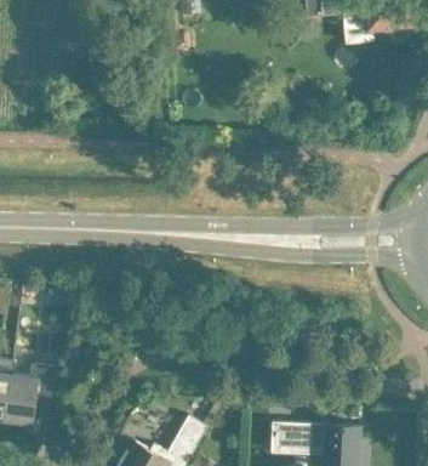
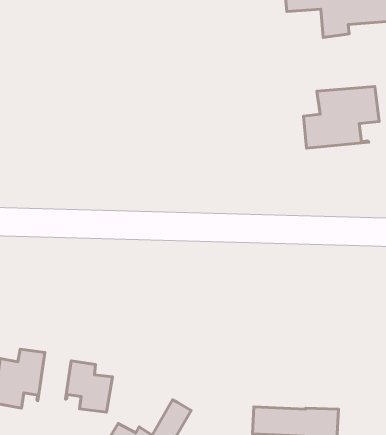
building: none -> [303,86,379,148]
building: none -> [65,361,112,412]

